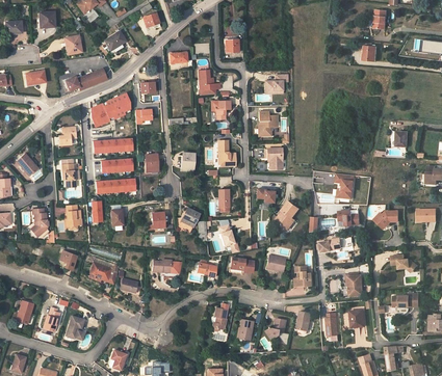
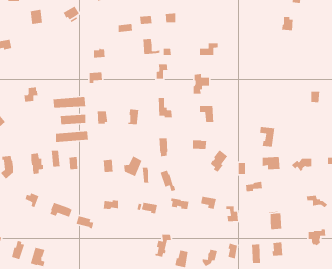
building: [64,69,106,91] -> none
building: [90,93,130,125] -> none
building: [61,158,79,187] -> none

